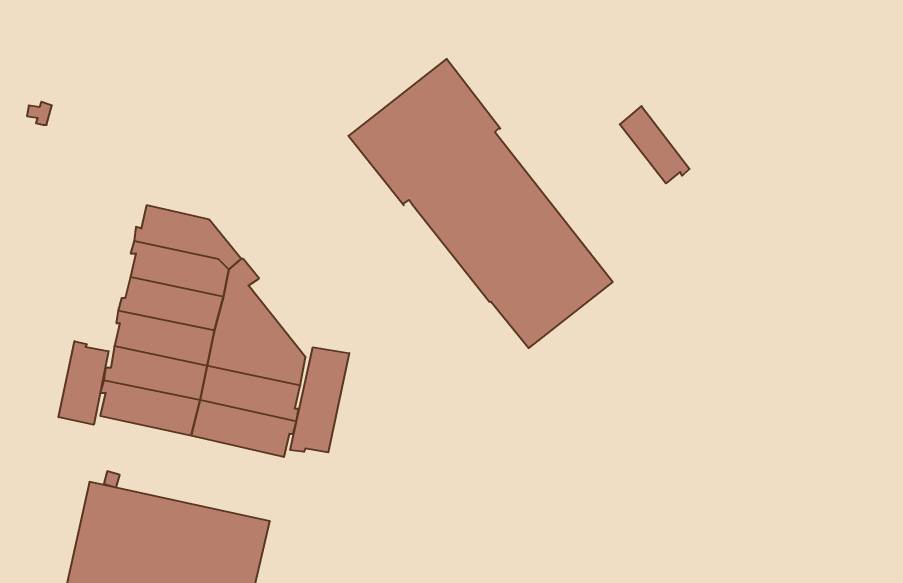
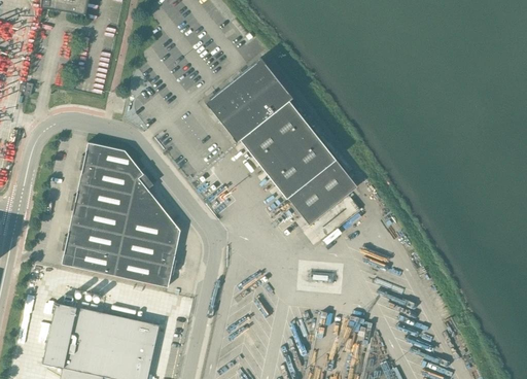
building: [620,106,690,183] -> none
building: [59,341,109,425] -> none
building: [290,347,349,452] -> none

